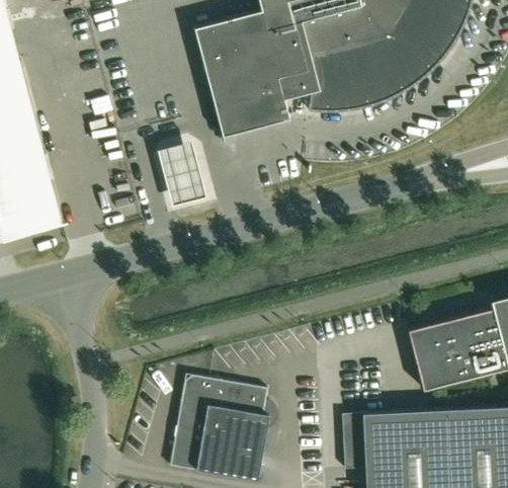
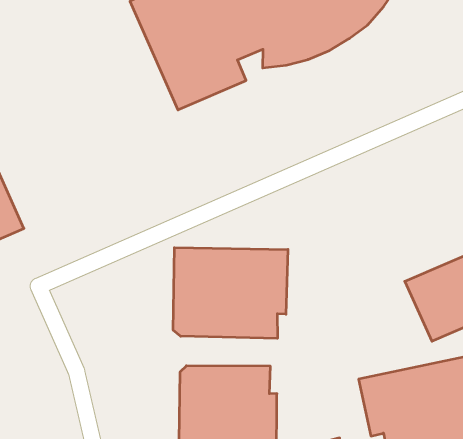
building: [157,141,204,206] -> none
building: none -> [173,248,288,338]

